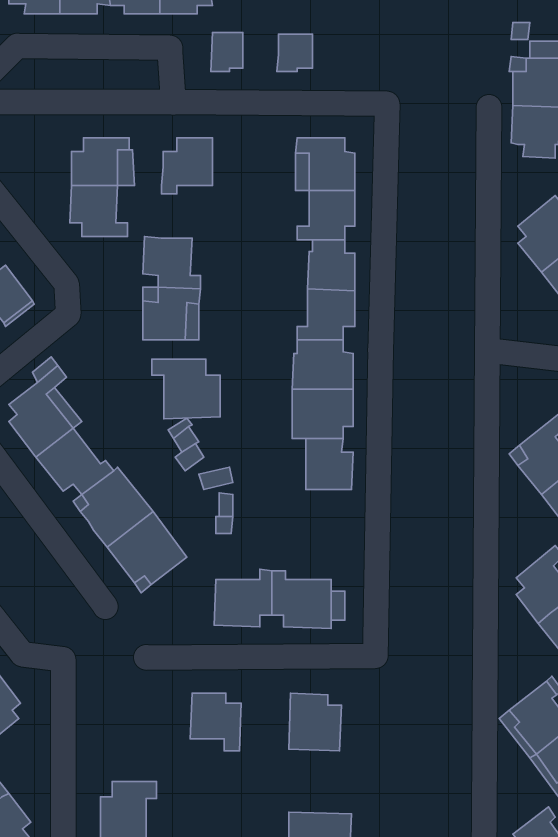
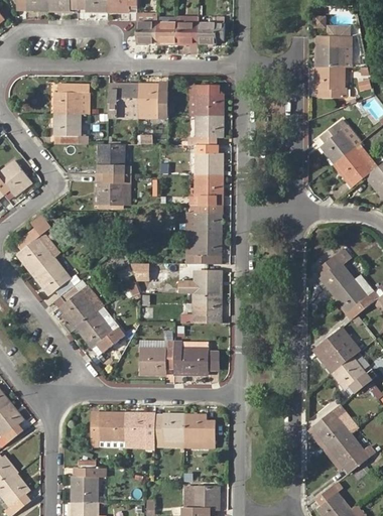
building: none -> [156,22,177,45]
building: none -> [198,23,223,43]
building: none -> [138,85,168,118]
building: [152,359,220,419] -> none
building: none -> [180,293,221,322]
building: none -> [91,413,126,447]
building: none -> [154,414,184,448]

